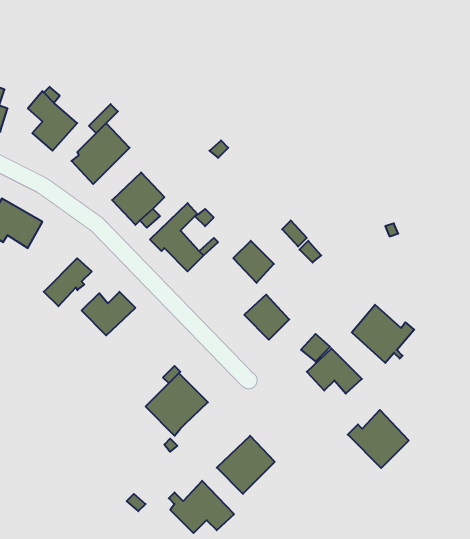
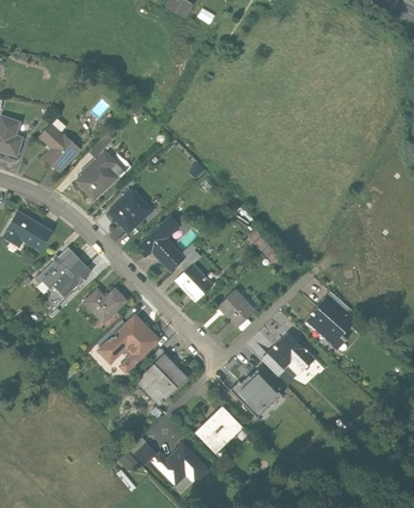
building: [233,241,274,283] -> [178,267,212,301]
building: none -> [35,247,80,294]
building: none -> [98,314,160,373]
building: [348,410,409,468] -> [231,368,281,416]

